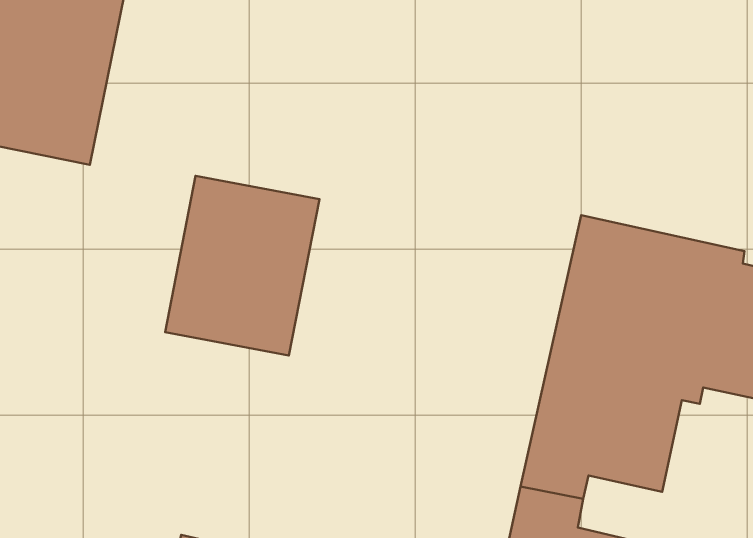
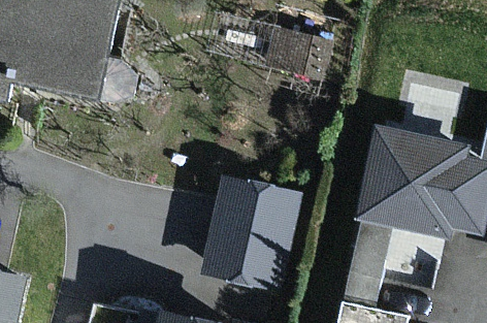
building: [165,176,319,355] -> [208,180,297,283]

